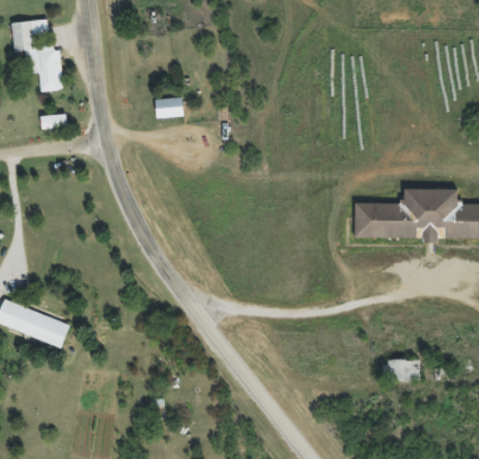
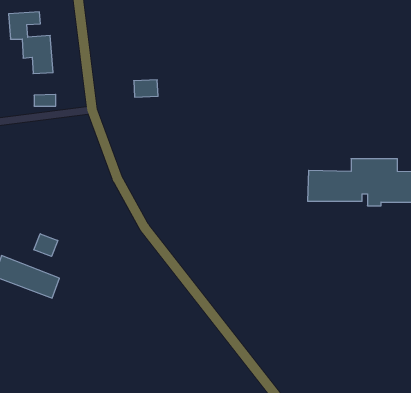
building: none -> [34,234,58,256]
building: [383,360,420,379] -> none

